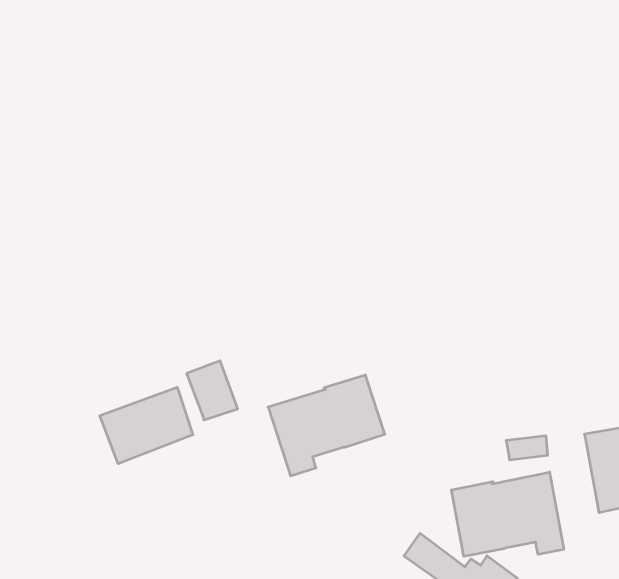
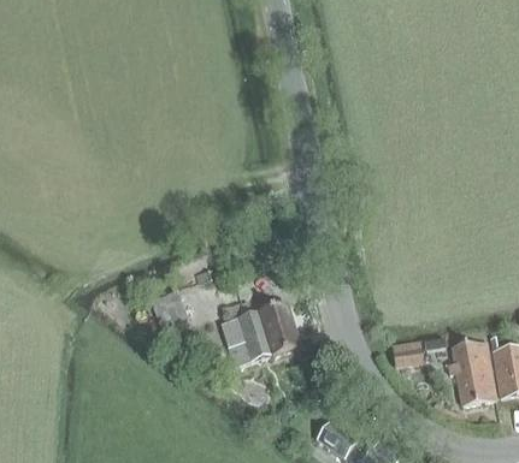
building: [100,387,193,464] -> none
building: [451,472,564,556] -> none

